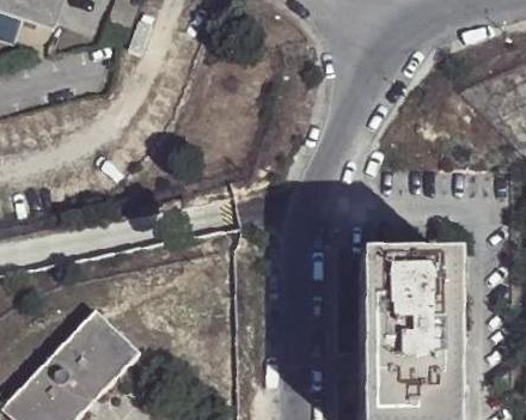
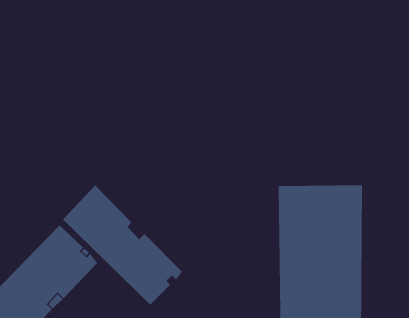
building: none -> [62,184,182,305]

